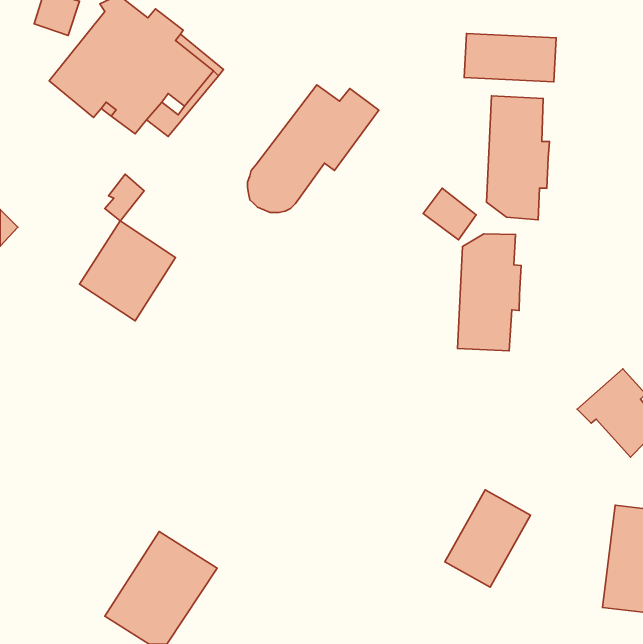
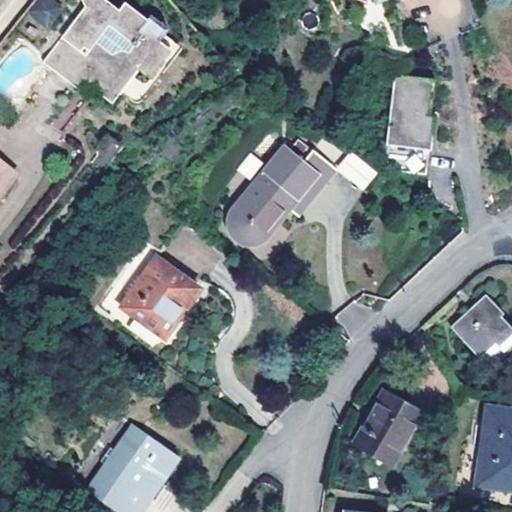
building: [464,34,556,82] -> none
building: [247,85,379,212] -> [224,143,328,244]
building: [80,221,176,321] -> [121,263,197,342]
building: [458,234,521,351] -> none

